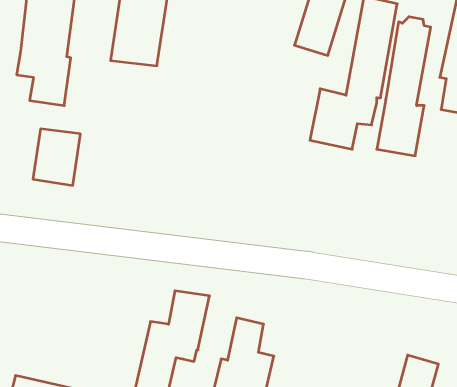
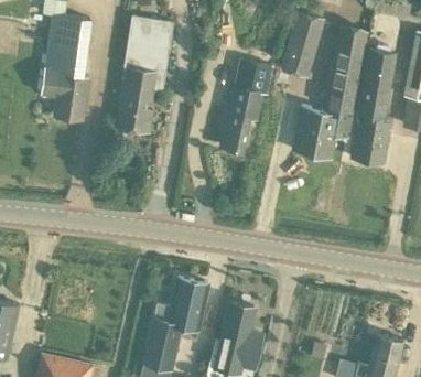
building: none -> [218,56,276,152]
building: [33,129,80,185] -> [116,84,156,132]

